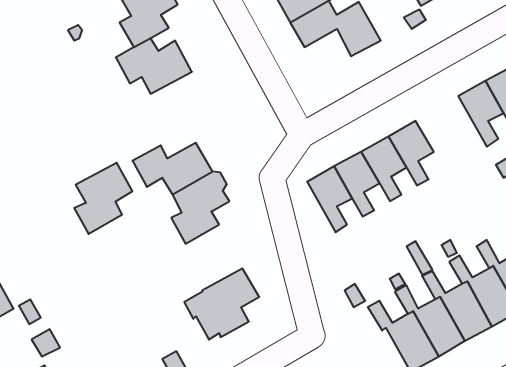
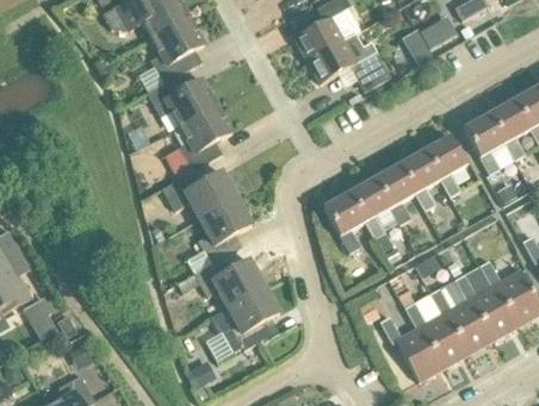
building: none -> [423,135,466,195]
building: [74,163,132,234] -> [178,105,231,170]
building: none -> [194,255,264,306]

